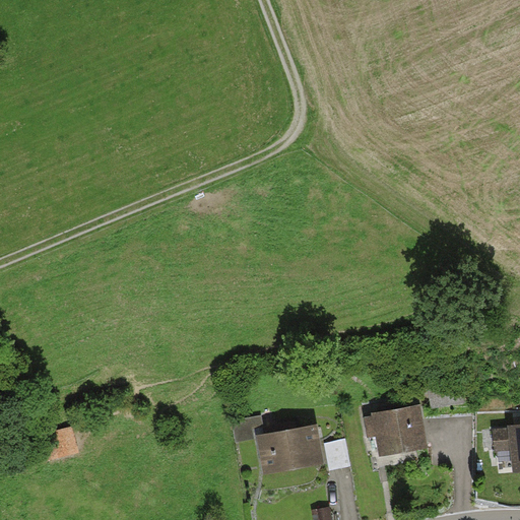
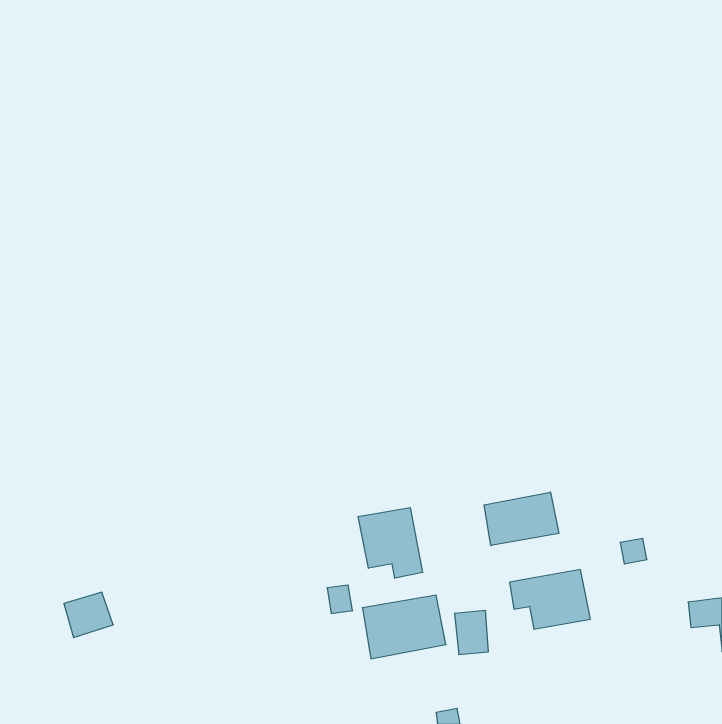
building: none -> [484,492,559,546]
building: none -> [358,508,423,578]

